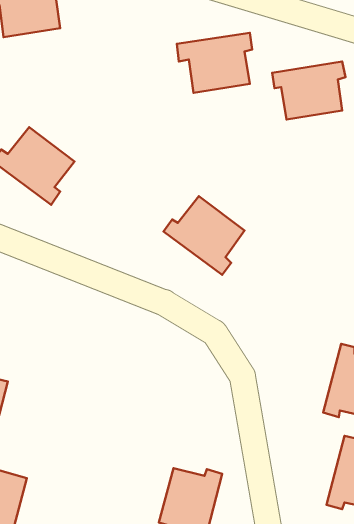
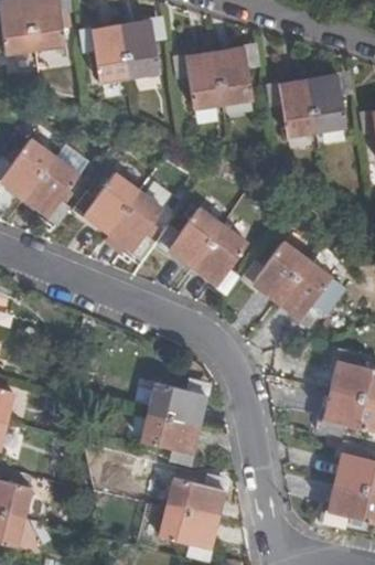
building: none -> [87,23,159,79]
building: none -> [79,175,161,253]
building: none -> [249,244,330,321]
building: none -> [143,385,204,459]

